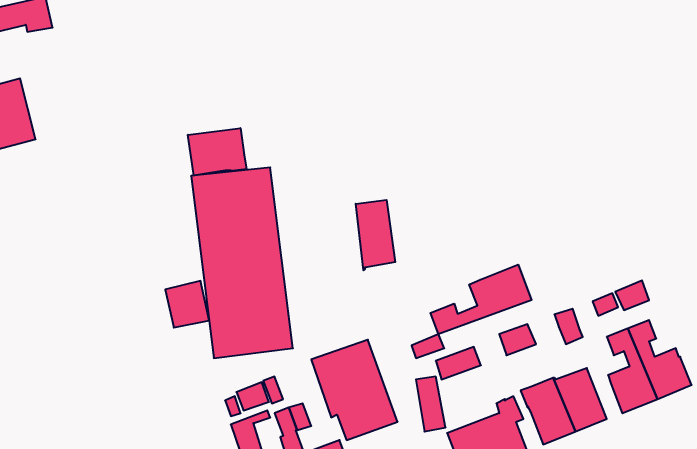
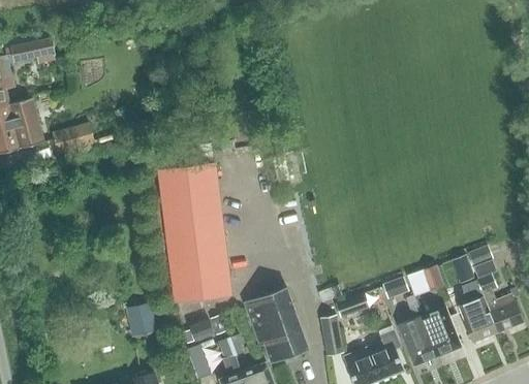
building: none -> [52,122,94,154]
building: [188,128,246,176] -> none
building: [356,200,395,270] -> none
building: [430,265,532,334] -> none
building: [165,281,209,328] -> [125,302,157,337]

